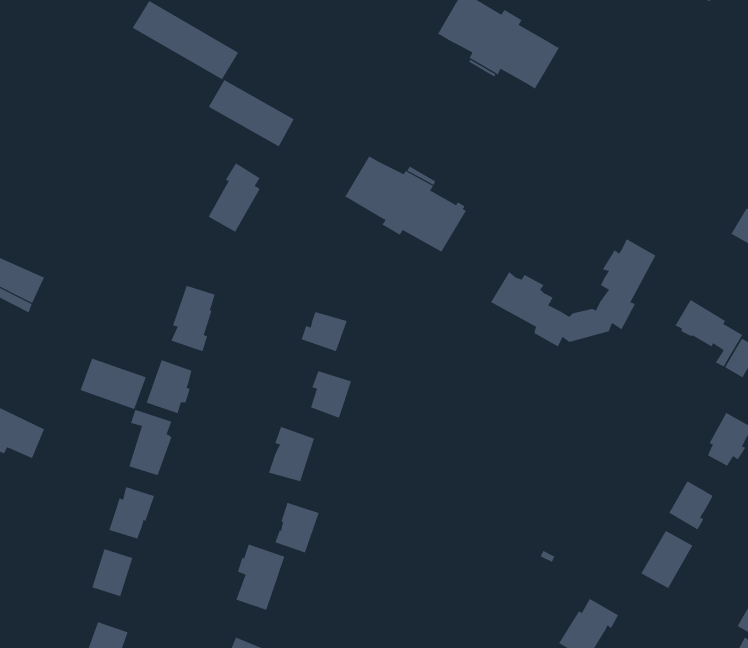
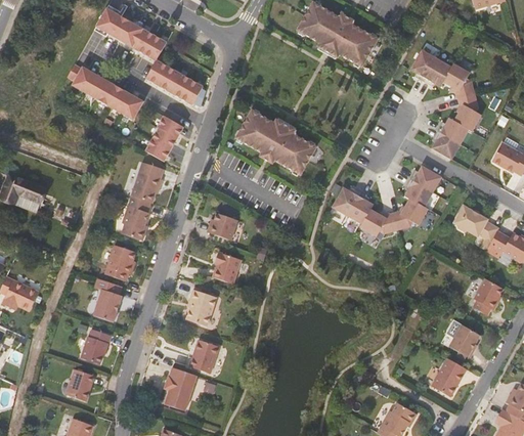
building: none -> [410,49,481,159]
building: none -> [67,63,143,120]
building: none -> [130,162,163,203]
building: [80,358,147,410] -> none

